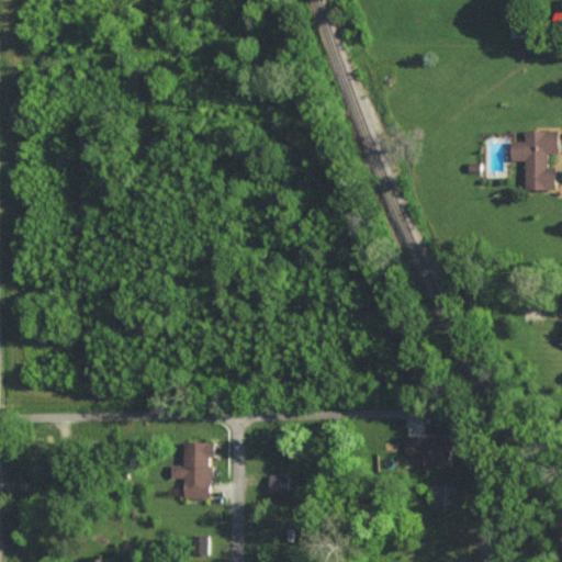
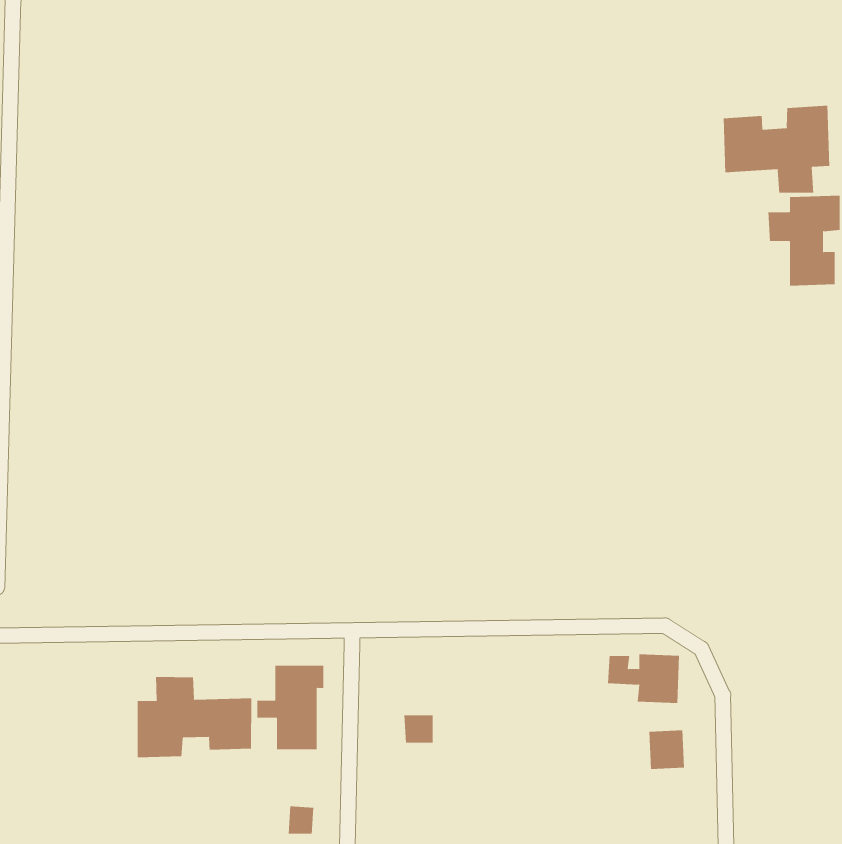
building: none -> [723,105,830,194]
building: none -> [137,676,252,758]

